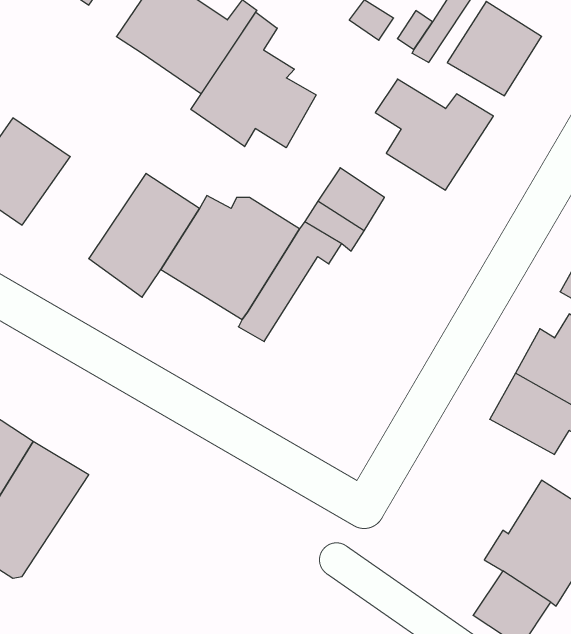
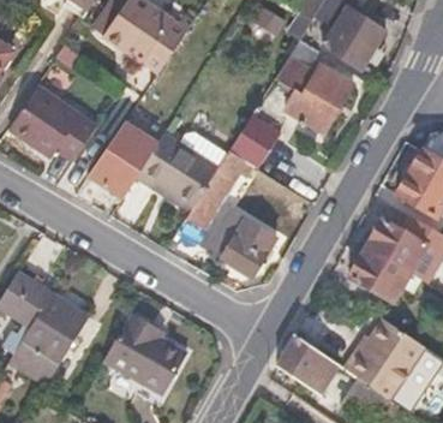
building: [191,12,316,148] -> none
building: none -> [46,109,97,160]
building: none -> [208,212,277,279]
building: none -> [104,314,186,406]
building: none -> [277,336,336,393]

